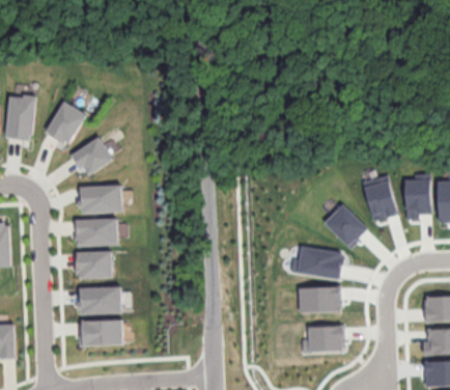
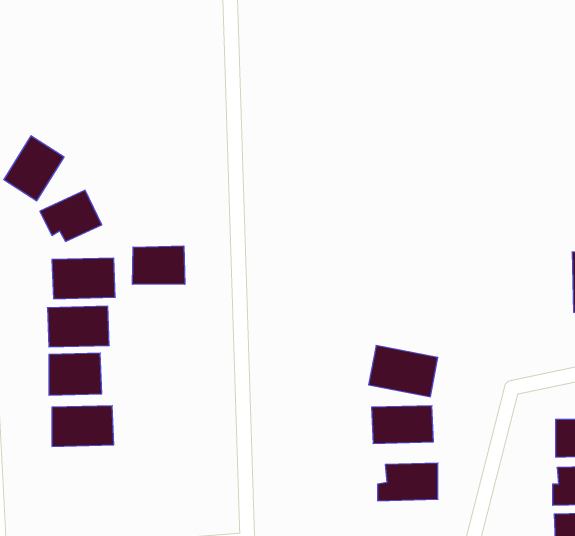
building: [403,173,429,219] -> none
building: [361,174,396,221] -> none
building: none -> [132,246,185,284]
building: [322,203,367,248] -> none
building: [80,319,121,345] -> none

